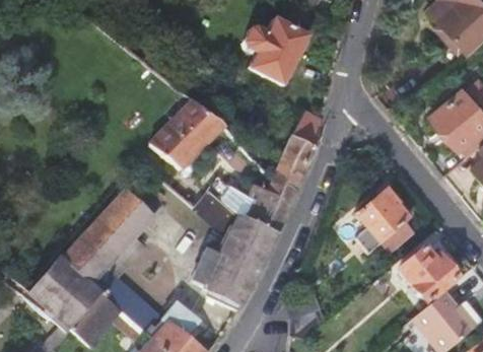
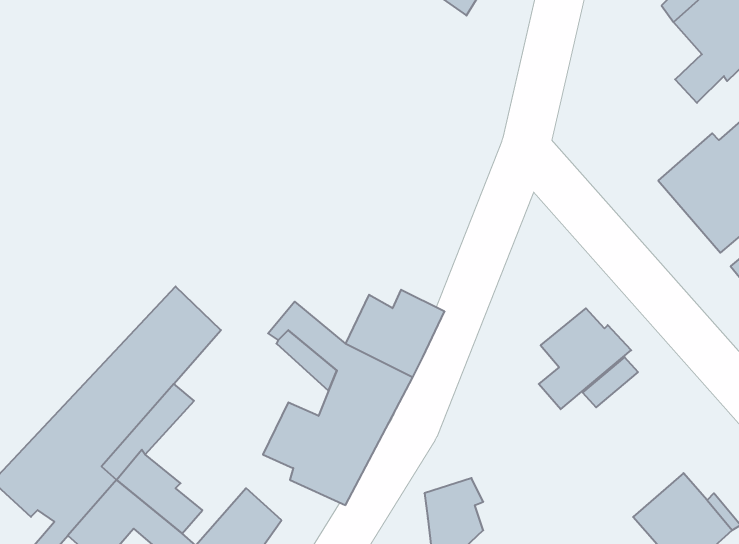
building: [240,16,308,86] -> none
building: [149,98,225,168] -> none
building: [272,108,324,193] -> none
building: [398,247,458,302] -> none

